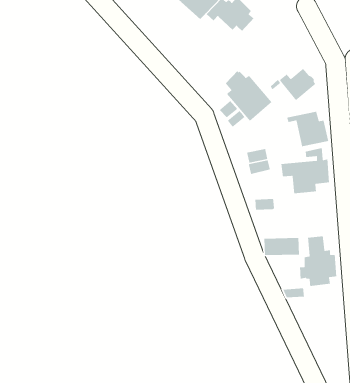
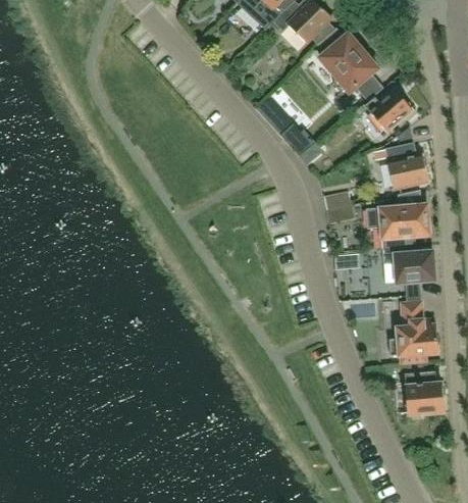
building: [225,70,273,122] -> [318,28,378,93]
building: none -> [383,247,435,284]
building: none -> [404,363,445,415]

